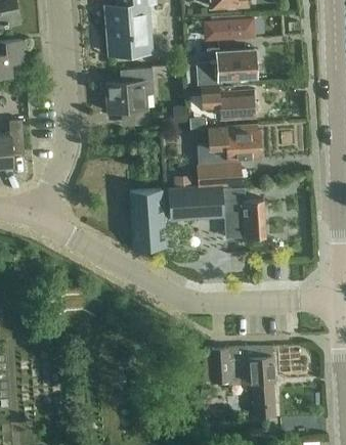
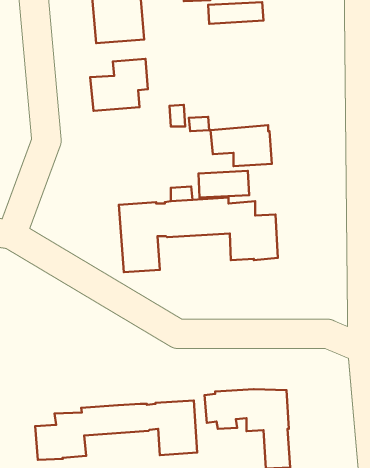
building: [208,47,256,79] -> none
building: [203,86,258,118] -> none
building: none -> [35,400,197,460]

